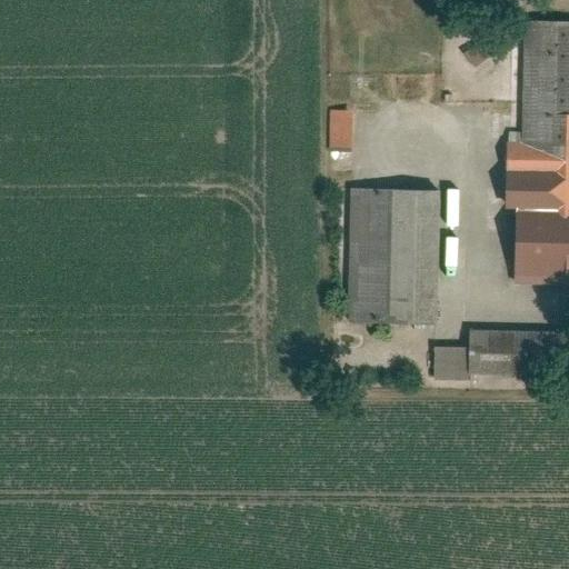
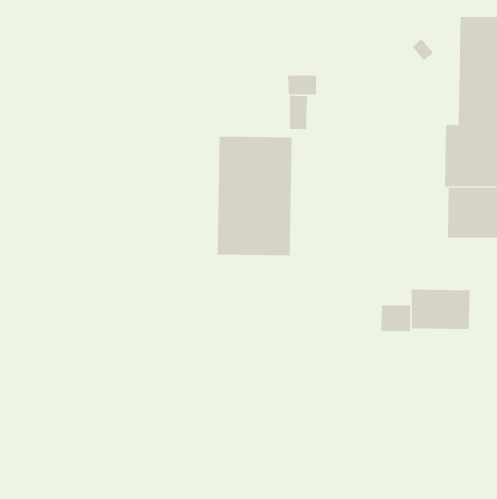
building: none -> [288,75,317,95]
building: [349,189,435,325] -> [217,136,292,256]

